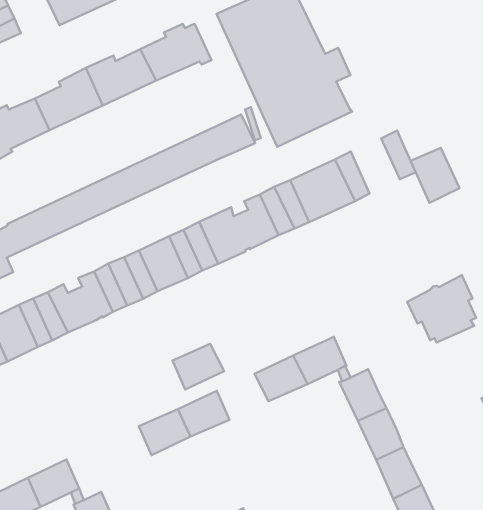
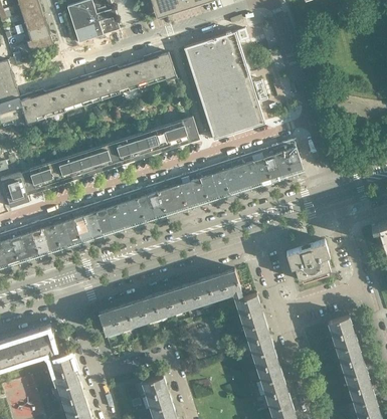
building: [411,148,460,203] -> [261,145,292,180]
building: [172,344,224,389] -> [154,289,187,318]

